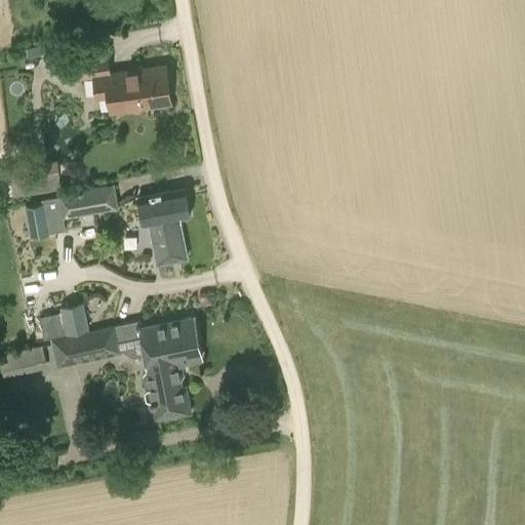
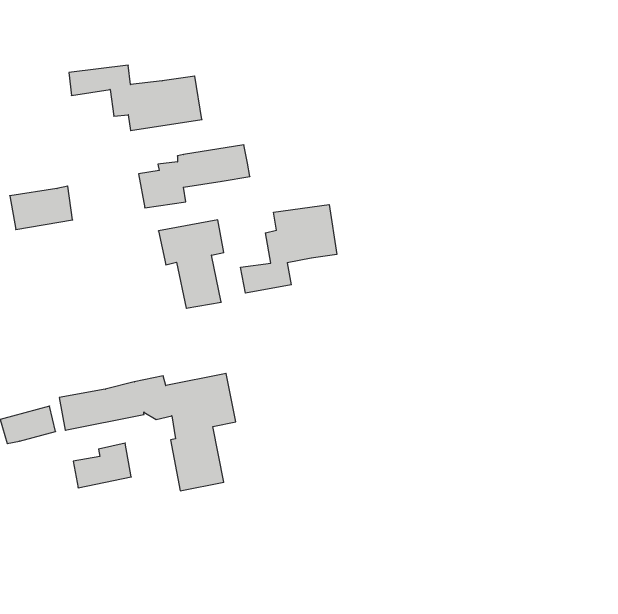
building: none -> [241,205,337,293]
building: [25,185,119,238] -> [139,145,250,208]
building: [39,304,88,341] -> [73,443,131,488]

